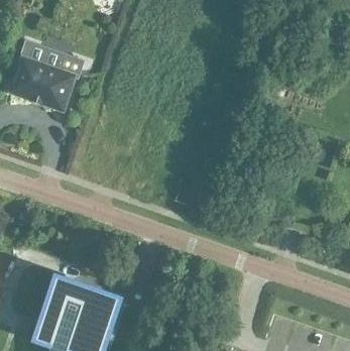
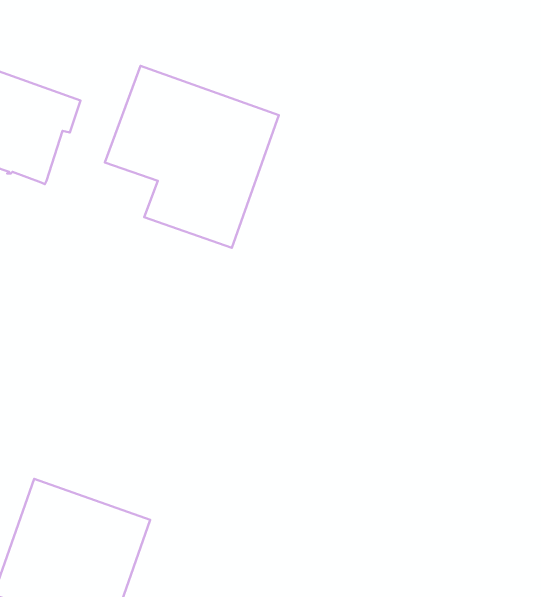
building: none -> [105,66,279,248]

